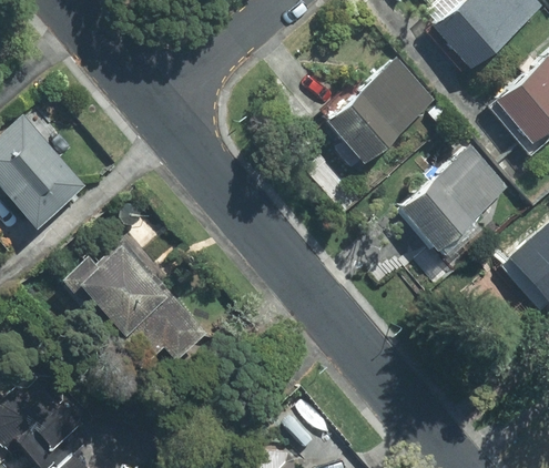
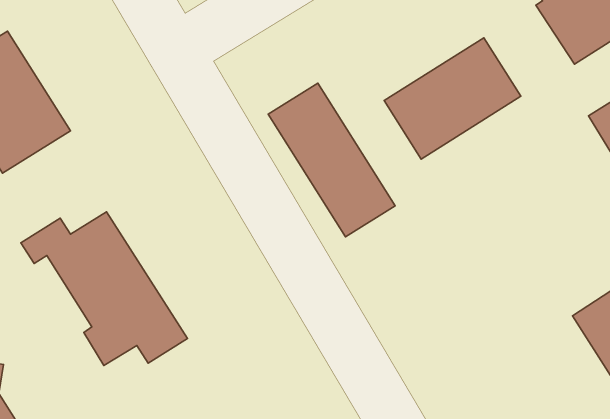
building: none -> [268,83,395,237]
building: [398,146,506,256] -> none

